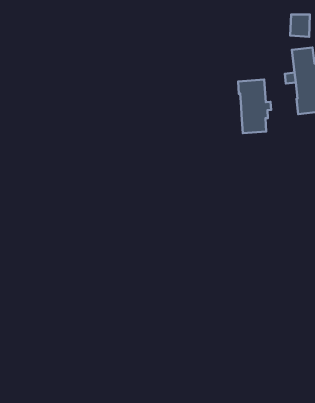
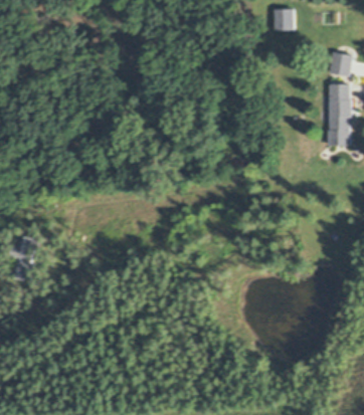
building: [238,79,271,133] -> none

